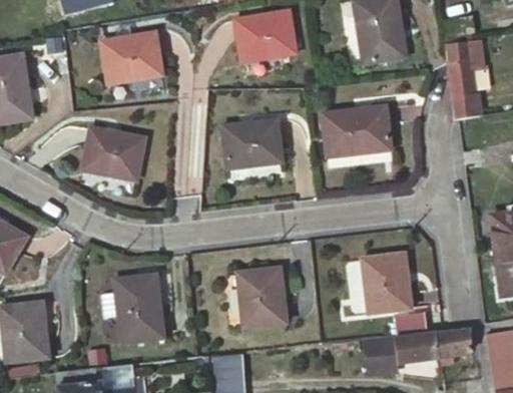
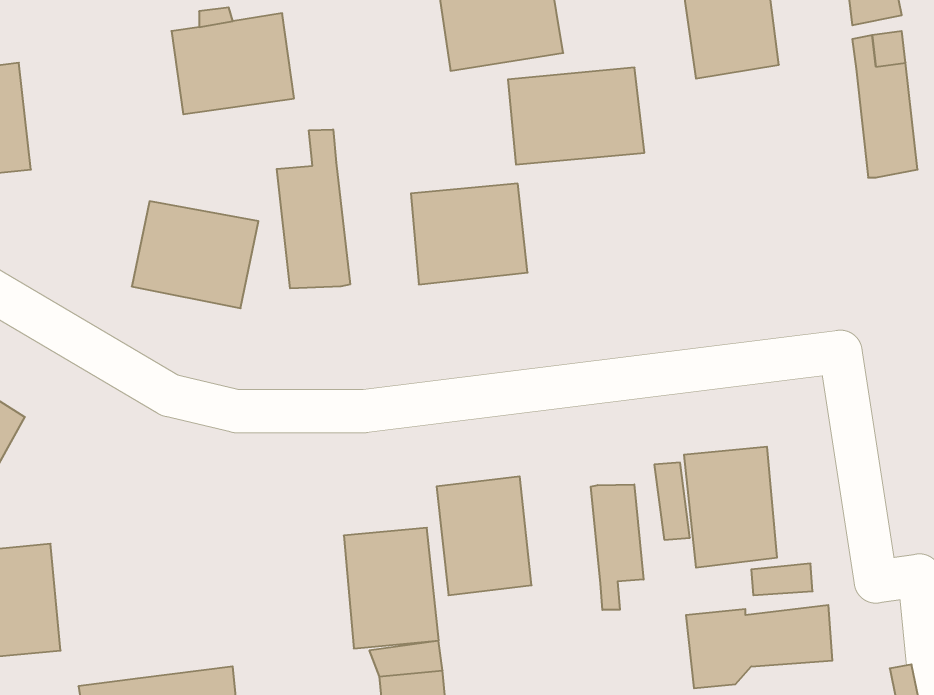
building: none -> [277,129,350,288]
building: [324,108,393,157] -> [508,68,644,165]
building: none -> [591,484,644,610]
building: [113,280,161,341] -> [344,528,439,648]
building: [434,329,470,367] -> none

